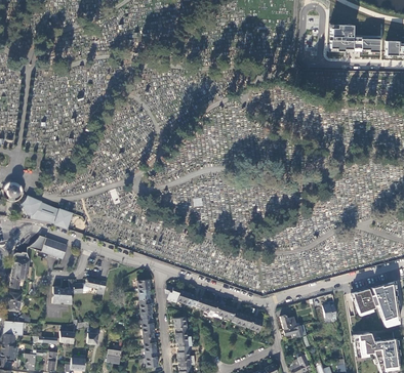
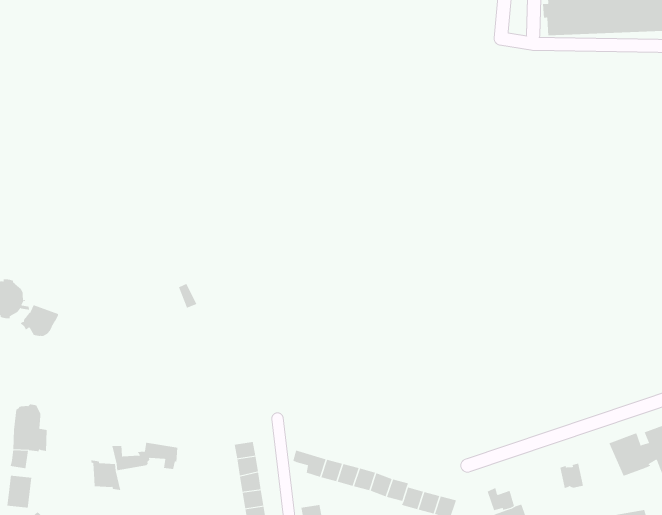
building: [30,202,71,227] -> none
building: [29,236,66,258] -> none

